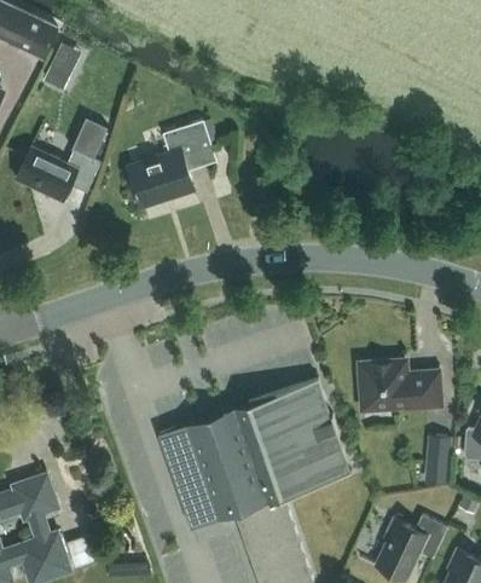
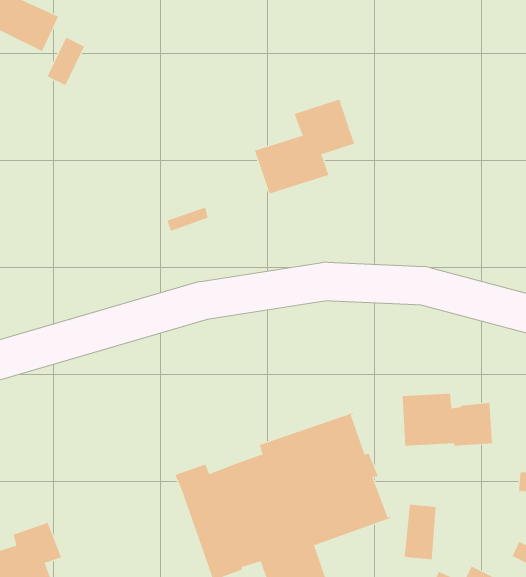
building: [15,117,108,202] -> none
building: [127,121,216,206] -> [254,99,355,194]
building: [422,435,451,485] -> [404,504,436,560]

